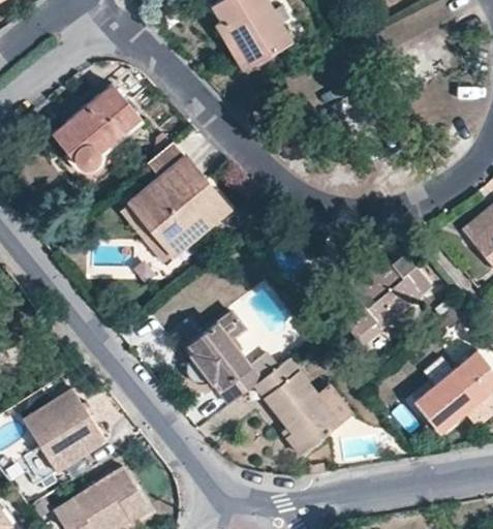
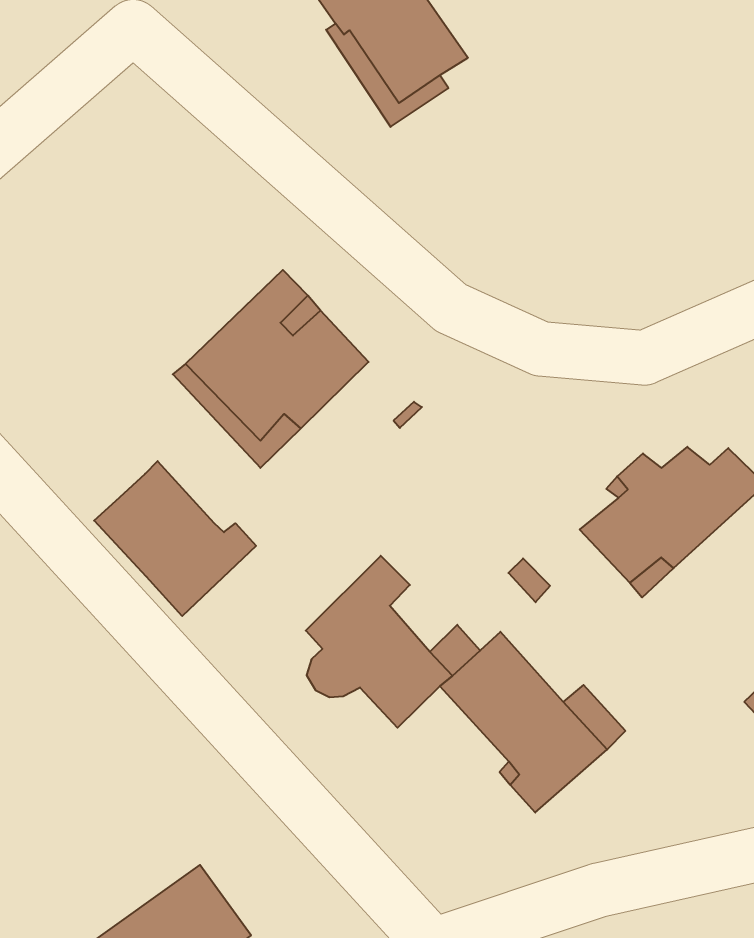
building: [54,84,141,170] -> none
building: none -> [94,461,256,616]
building: [22,388,104,480] -> none

